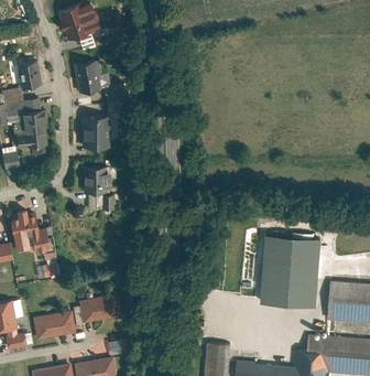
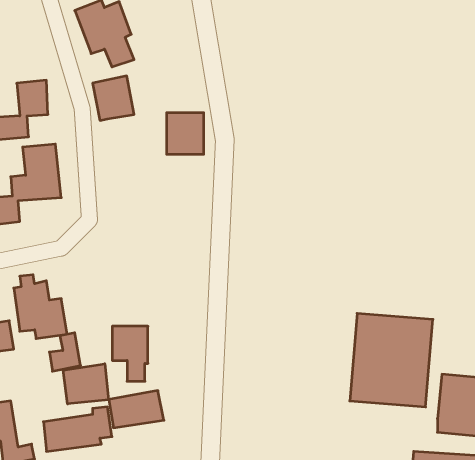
building: [81,118,109,149] -> [167,113,204,154]
building: [85,168,111,208] -> [112,326,148,381]
building: none -> [63,364,109,404]

